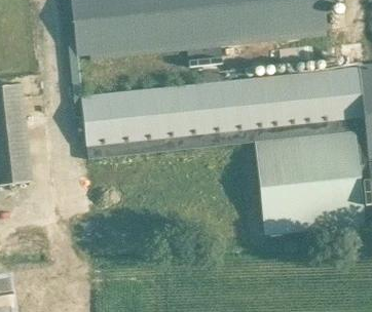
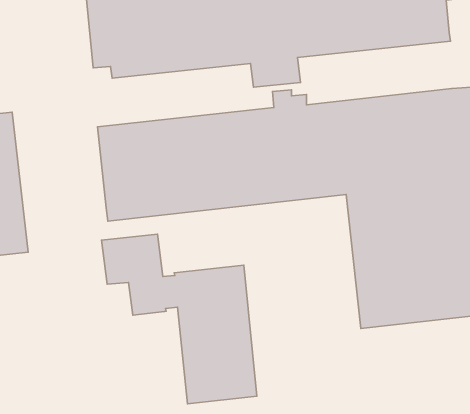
building: none -> [102,234,257,404]

